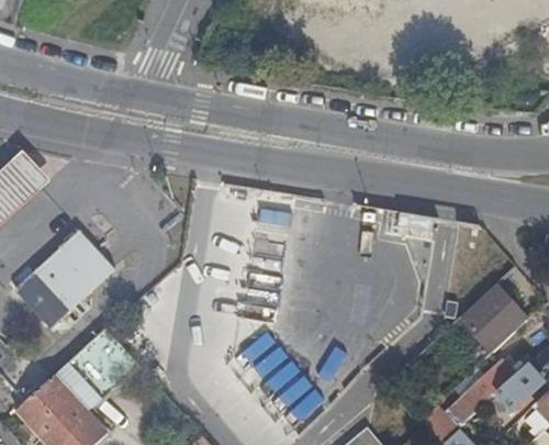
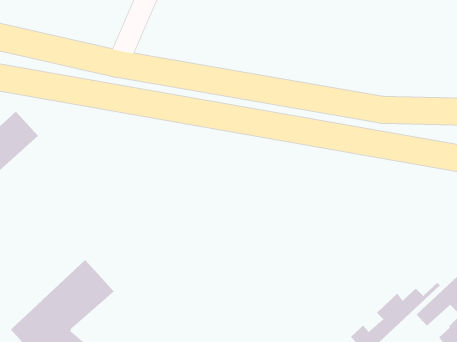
building: [15,230,114,327] -> none
building: [461,286,526,366] -> none

